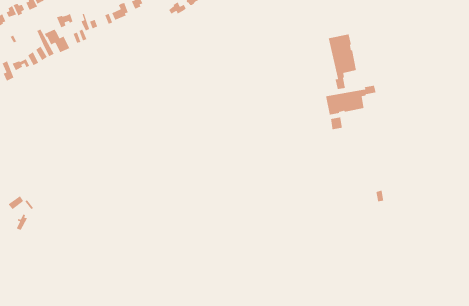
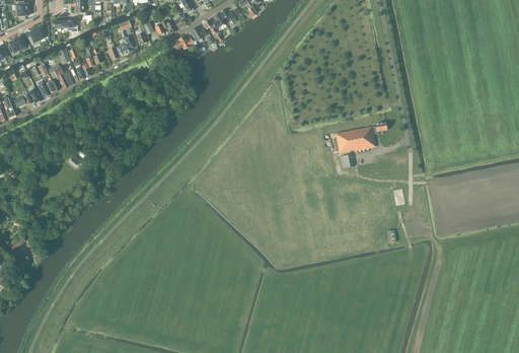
building: [328,34,357,90] -> none

